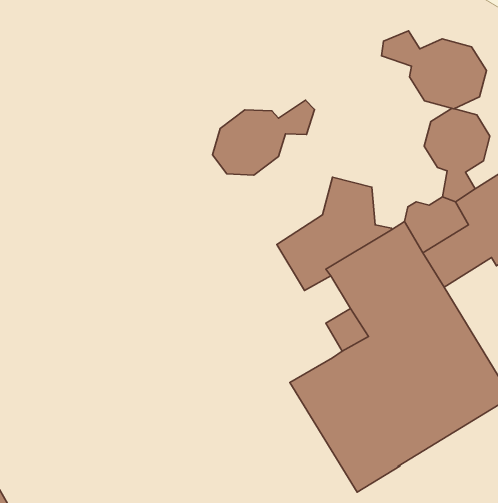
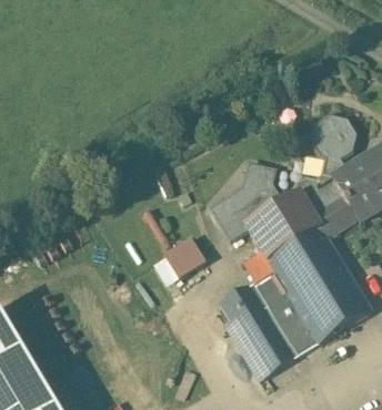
building: [381,31,486,109] -> none
building: [212,100,315,175] -> none
building: none -> [168,234,209,274]

